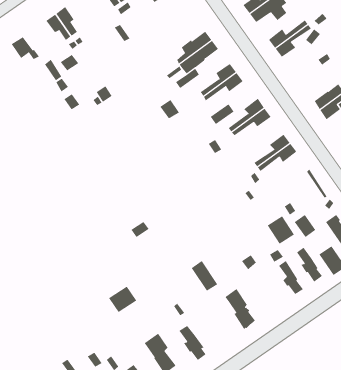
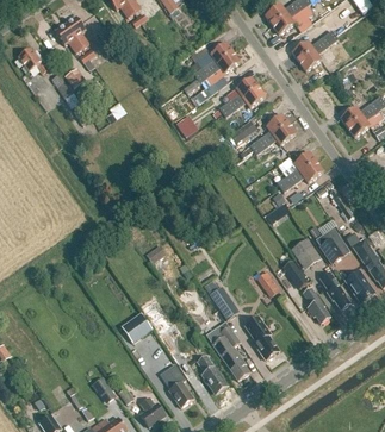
building: none -> [212,326,249,380]

